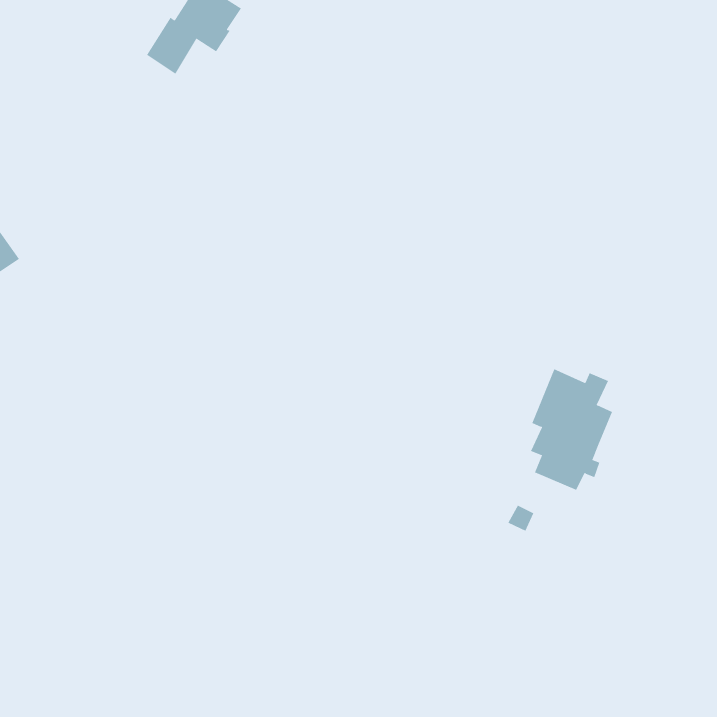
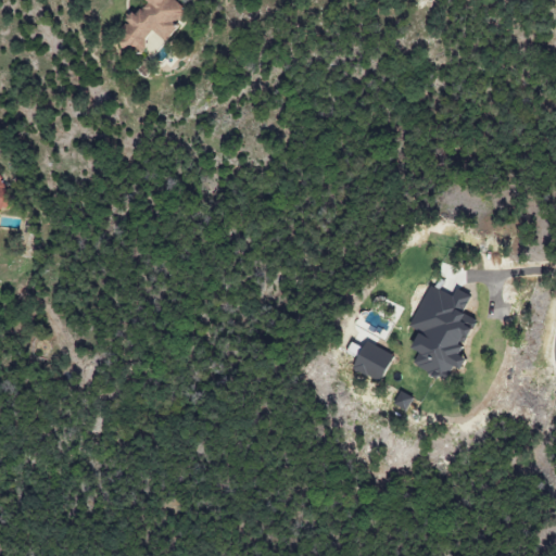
building: none -> [348,340,392,381]

